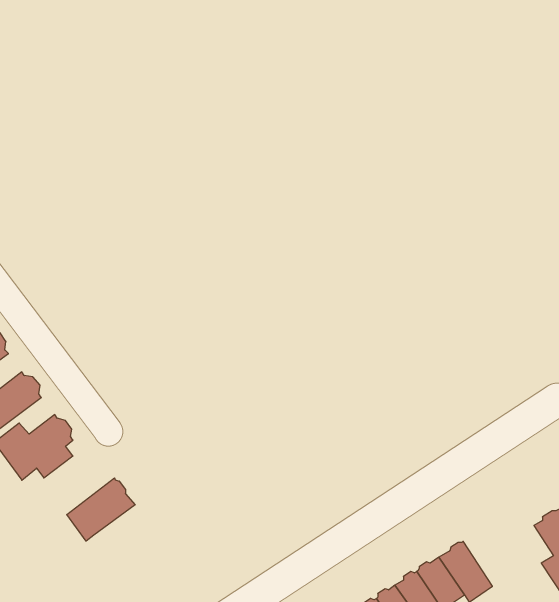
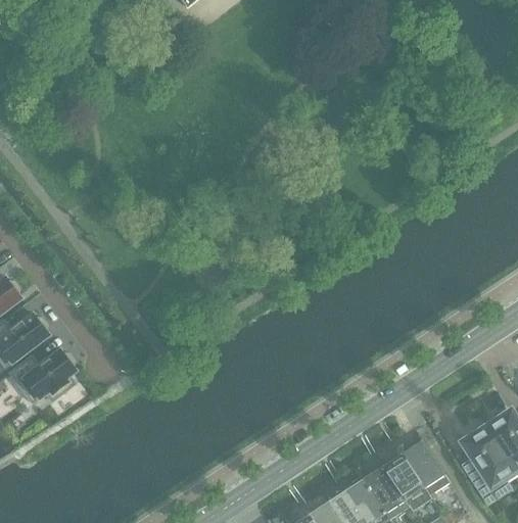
building: [67,478,135,541] -> none
building: none -> [402,443,448,495]

